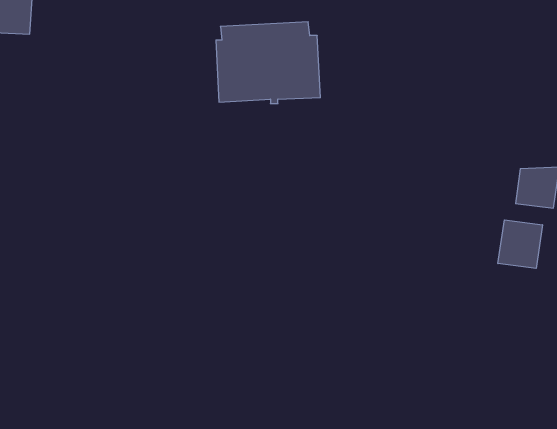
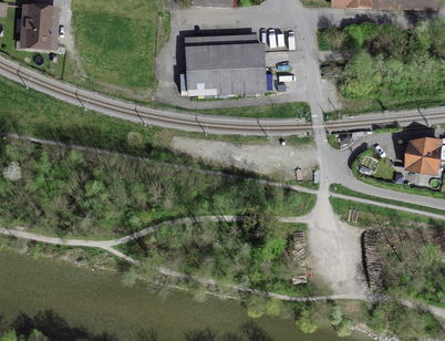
building: [498,220,542,268] -> none

